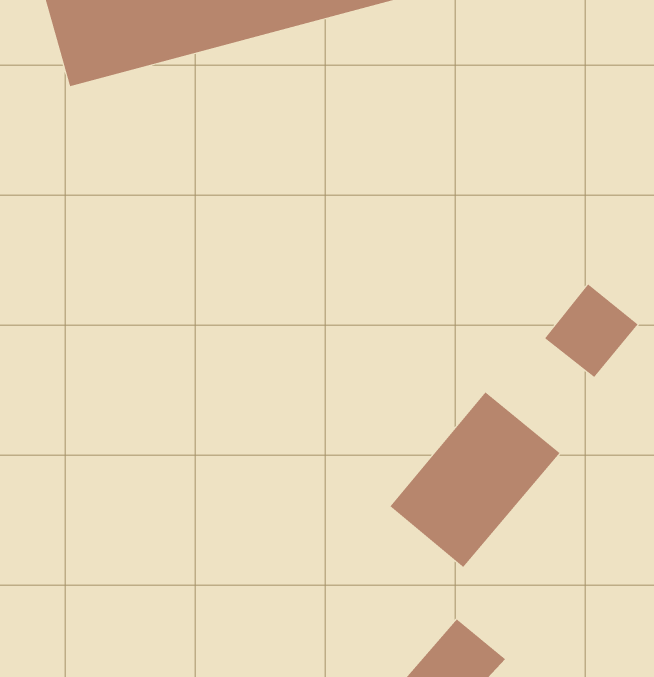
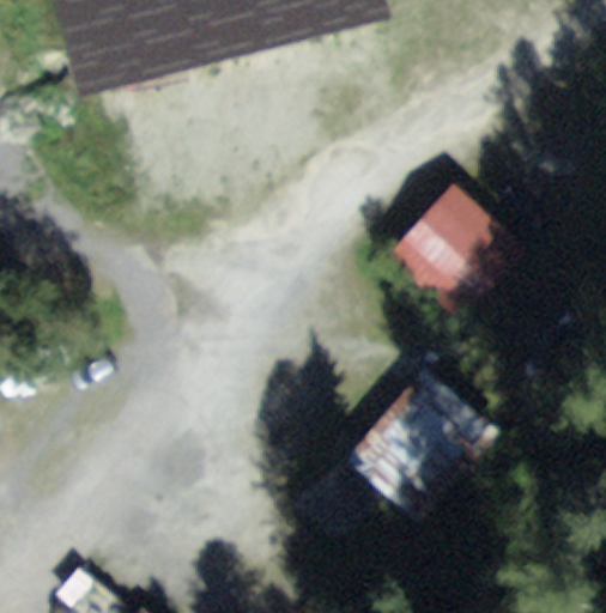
building: none -> [378,168,522,311]

